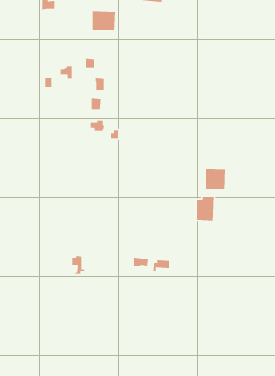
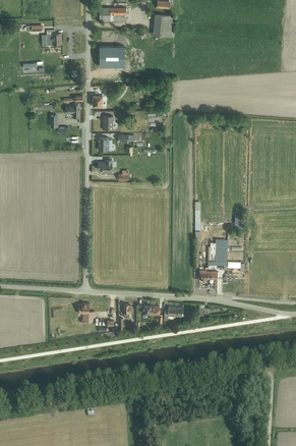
building: [205,168,226,190] -> none

